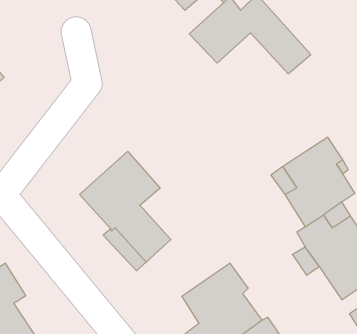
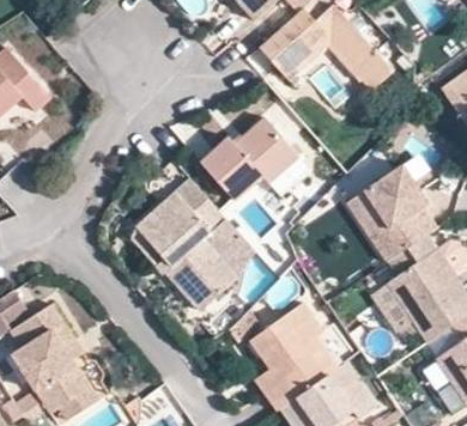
building: none -> [200,116,298,200]
building: none -> [202,219,253,276]

